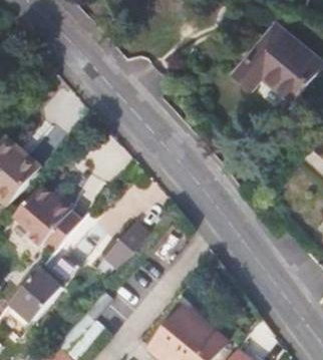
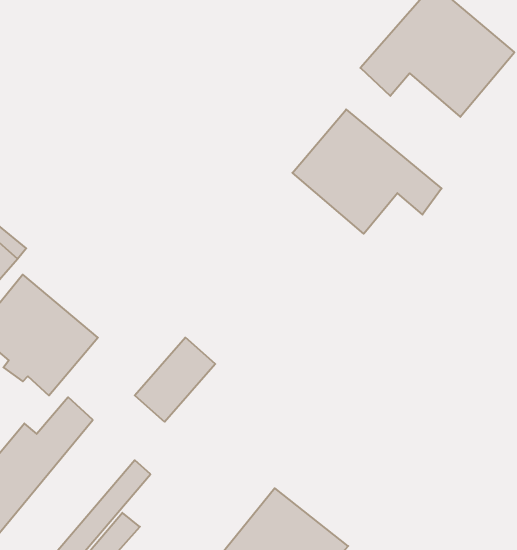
building: none -> [292,109,442,234]

